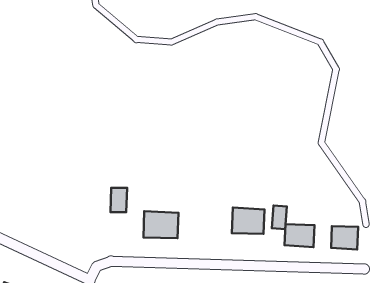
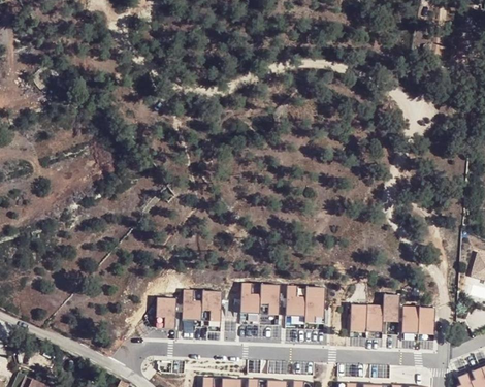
building: [110,188,127,212] -> [156,298,175,327]
building: [272,206,287,229] -> [383,293,400,321]
building: none -> [239,283,280,316]

